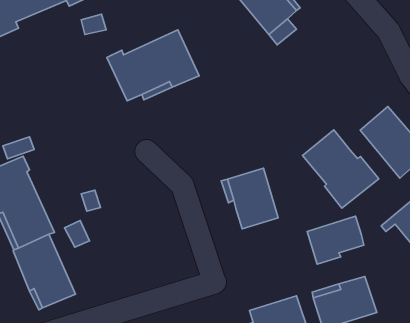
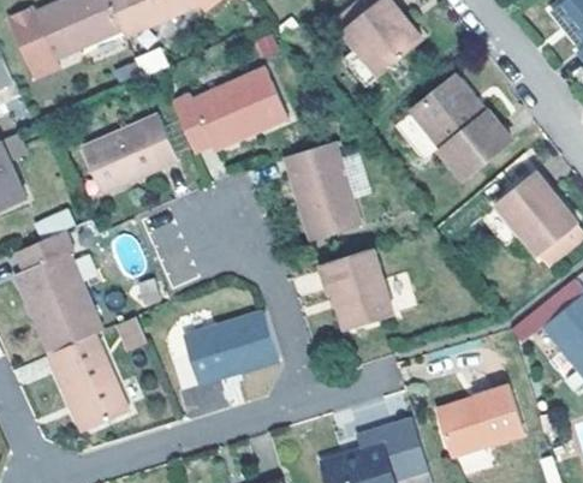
building: none -> [83,121,179,202]
building: none -> [286,143,361,240]
building: [302,130,379,208] -> [416,74,516,177]
building: none -> [184,310,280,386]
building: [307,216,364,264] -> none

